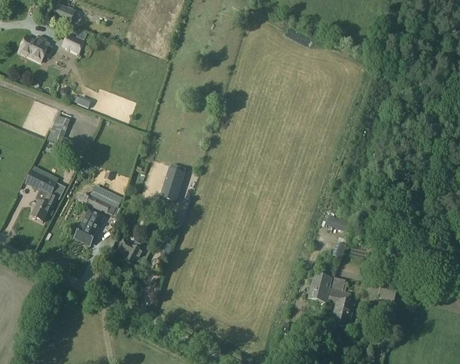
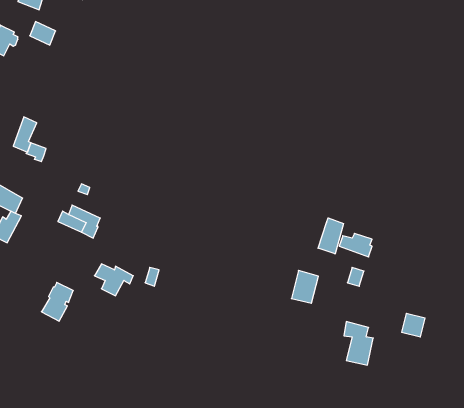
building: [160,167,184,200] -> none
building: none -> [318,218,344,254]
building: [74,211,101,244] -> [41,282,73,321]
building: [308,272,331,300] -> [291,270,318,303]

